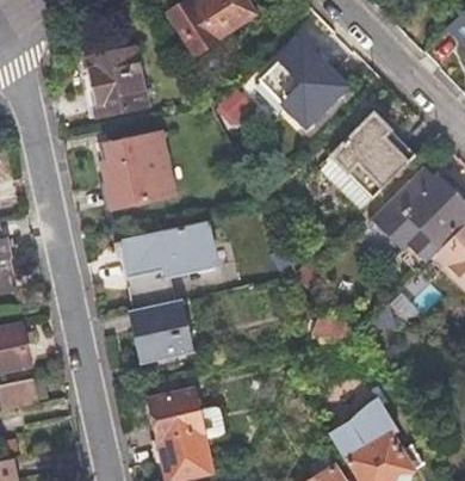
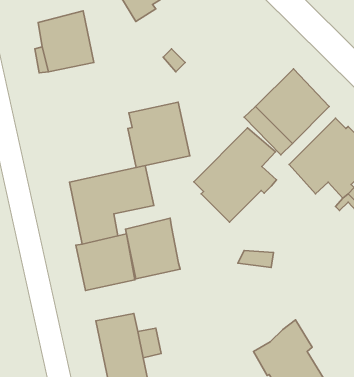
building: [261,39,347,125] -> none
building: [104,134,174,208] -> [128,102,190,167]
building: none -> [194,128,277,222]
building: none -> [125,218,180,279]

